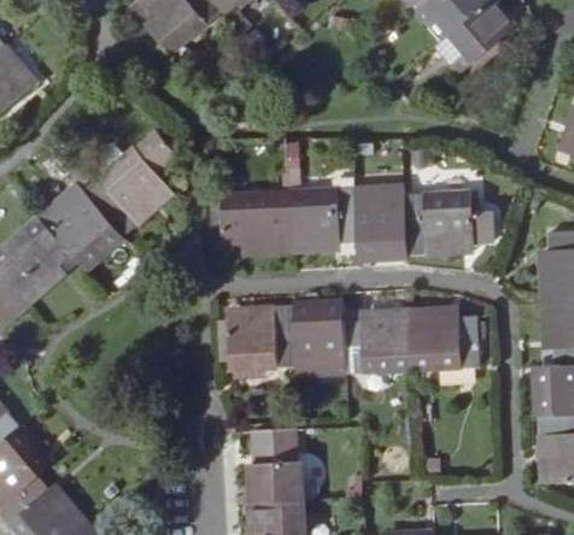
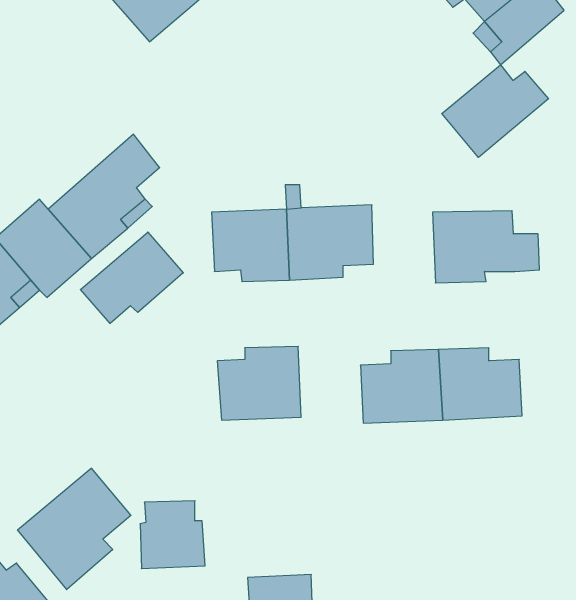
building: none -> [442,65,548,157]
building: [355,188,408,255] -> none
building: none -> [80,232,183,323]
building: [293,306,347,375] -> none
building: none -> [18,468,131,590]
building: [250,443,304,500] -> [140,501,205,569]

